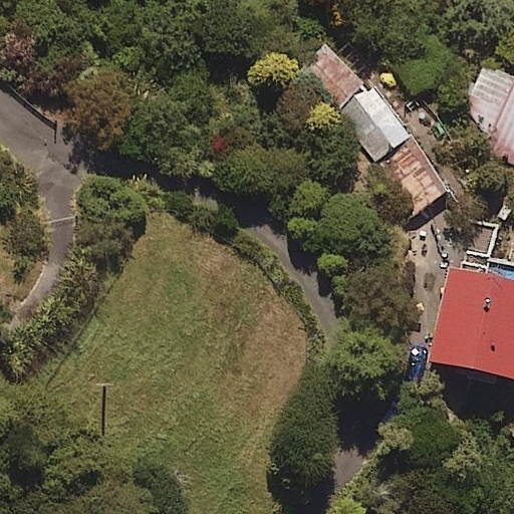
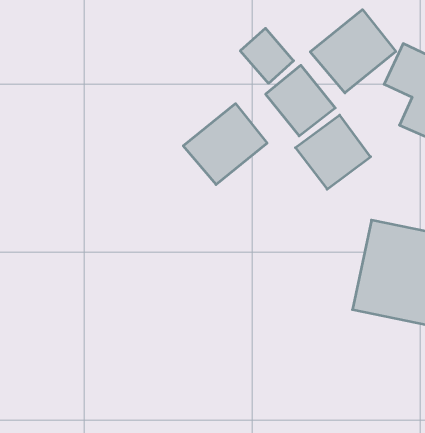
building: none -> [310,10,396,93]
building: none -> [183,104,267,185]

